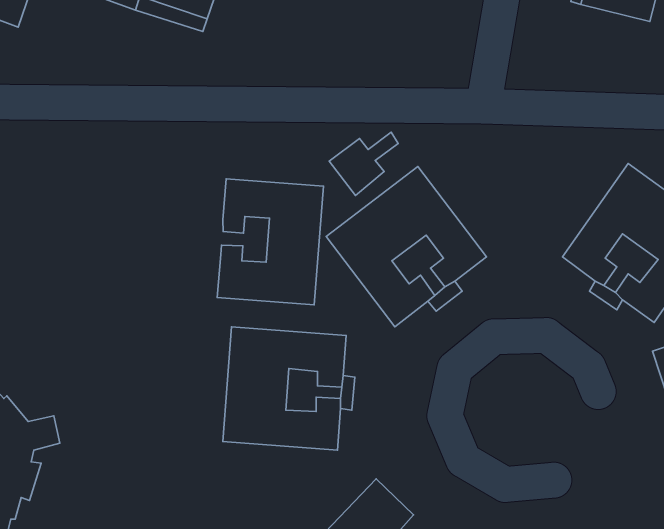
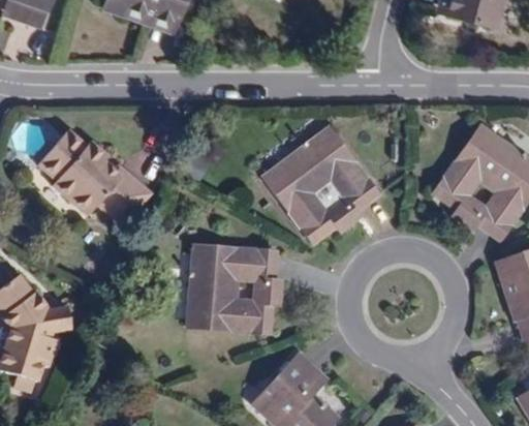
building: [329,132,398,196] -> none
building: none -> [40,128,150,222]
building: [217,179,323,305] -> none

